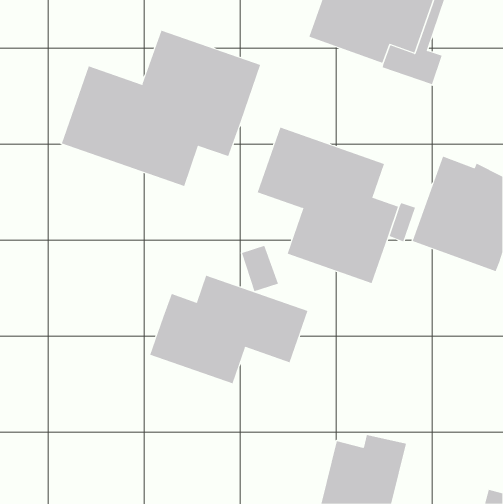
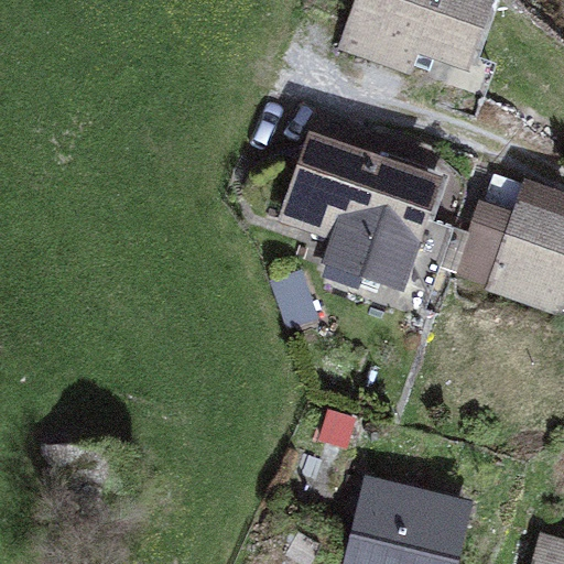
building: [61,30,261,187] -> none
building: [150,275,308,384] -> none

